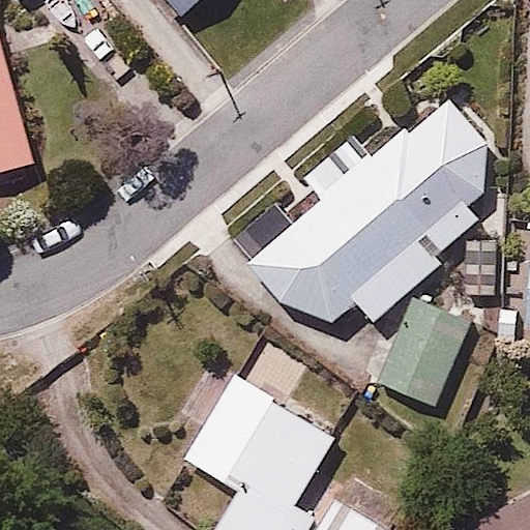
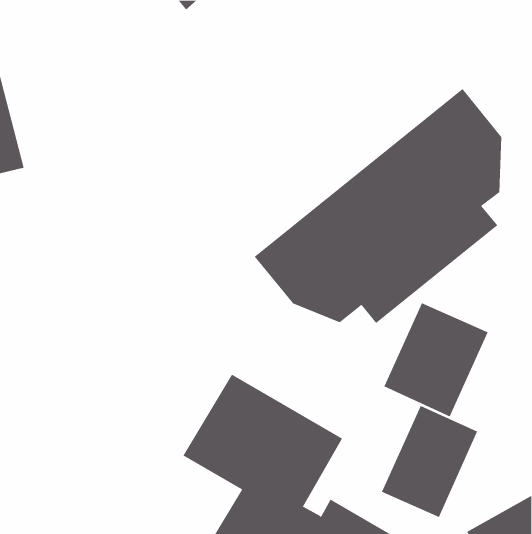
building: none -> [381,405,478,518]

